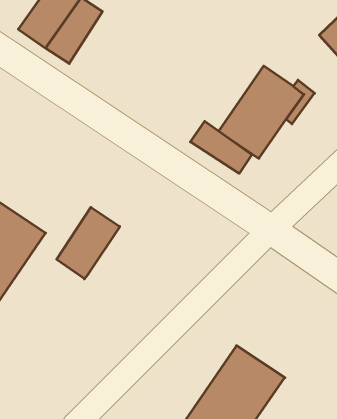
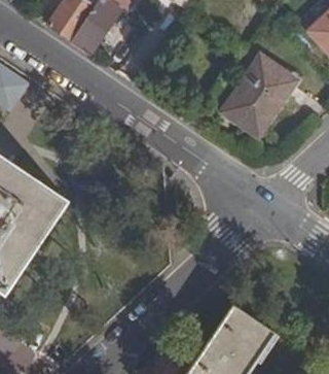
building: [190,121,252,173] -> none
building: [57,207,120,279] -> none

